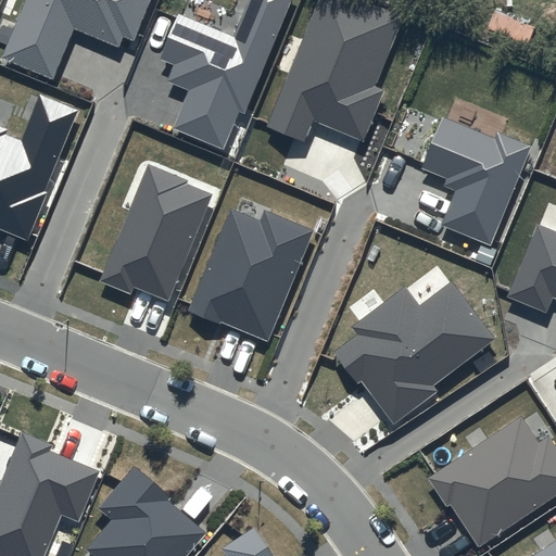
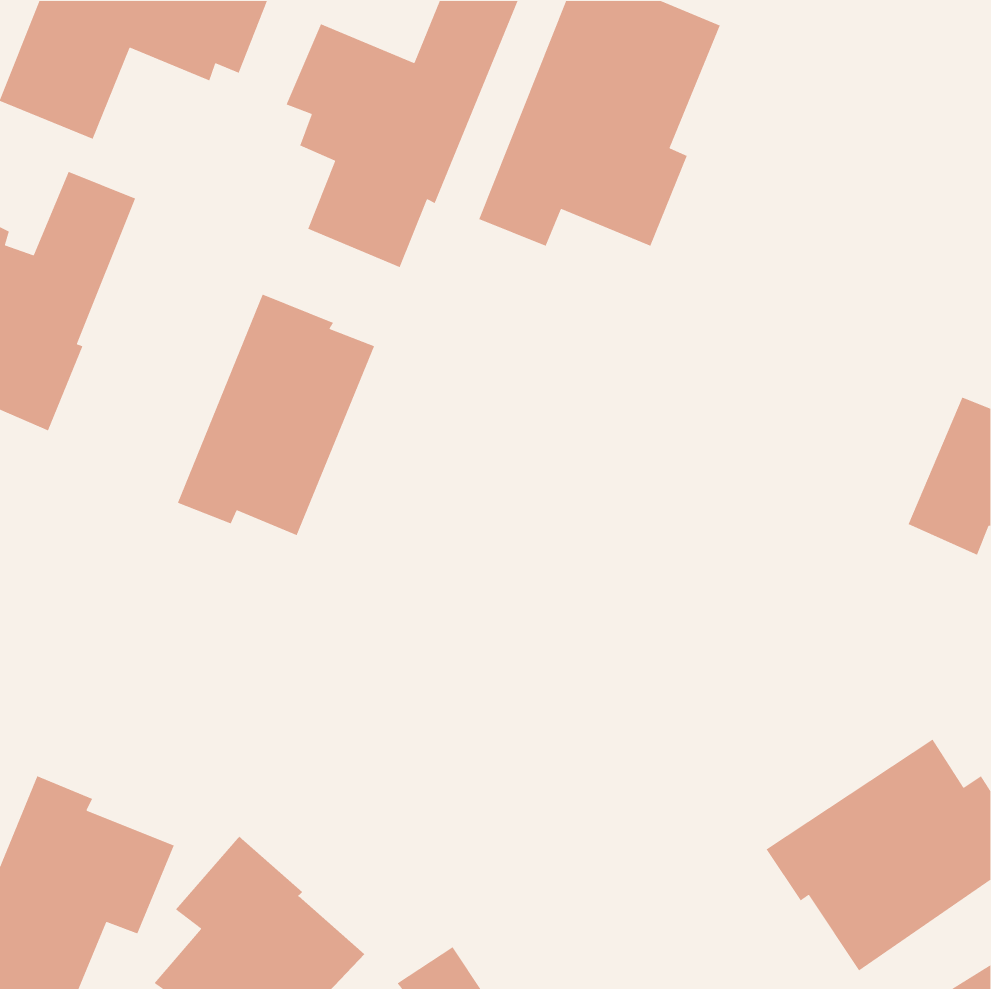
building: [424,117,531,243] -> none
building: [188,208,314,340] -> none
building: [334,280,495,424] -> none

